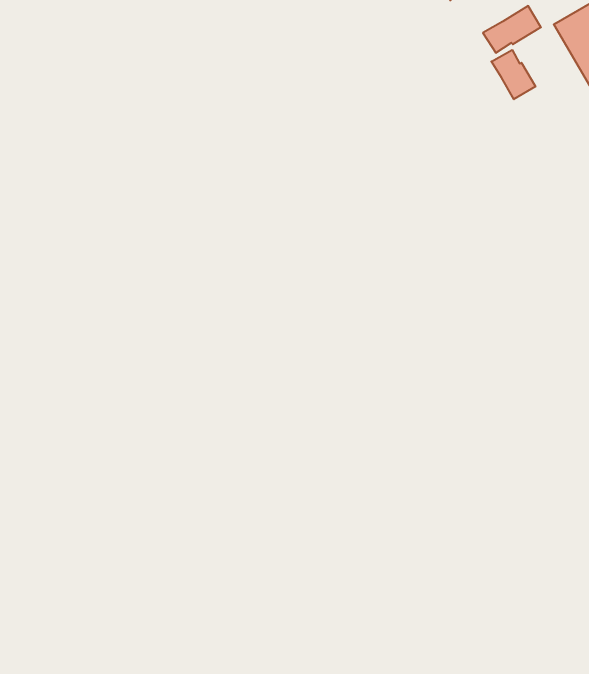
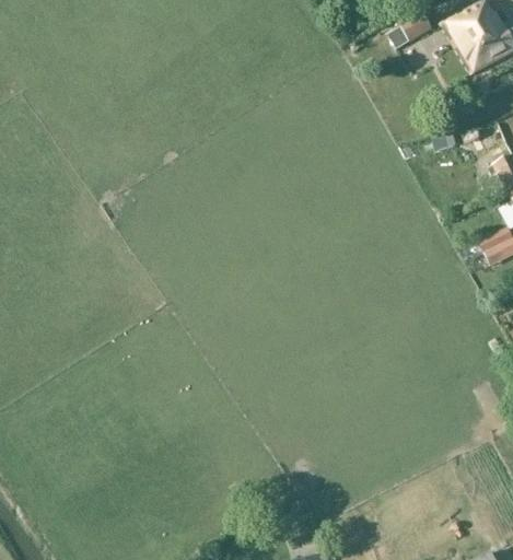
building: [491,50,535,99] -> none

